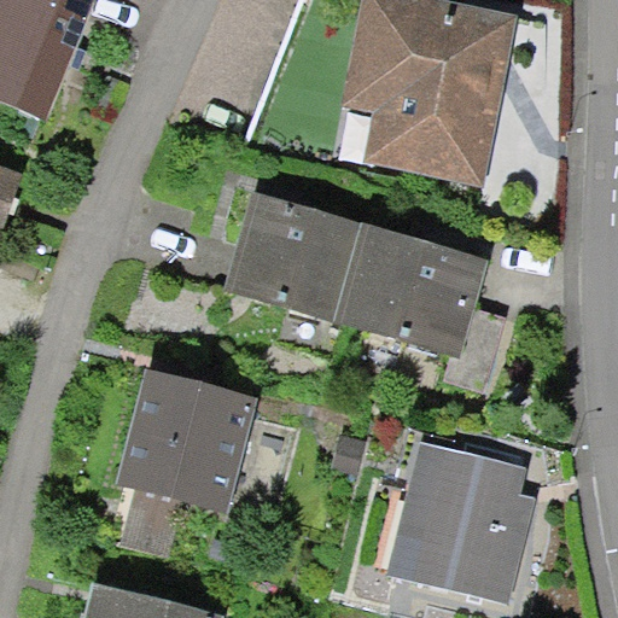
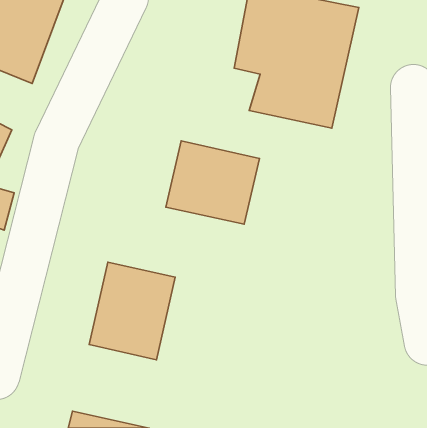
building: [350,227,489,348] -> none
building: [401,447,532,604] -> none

